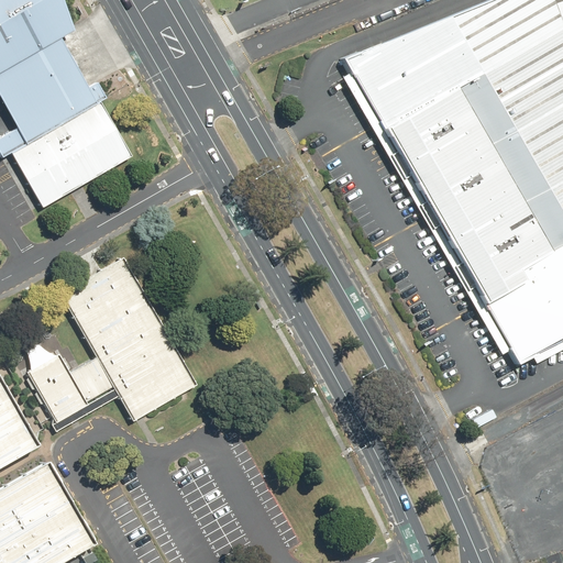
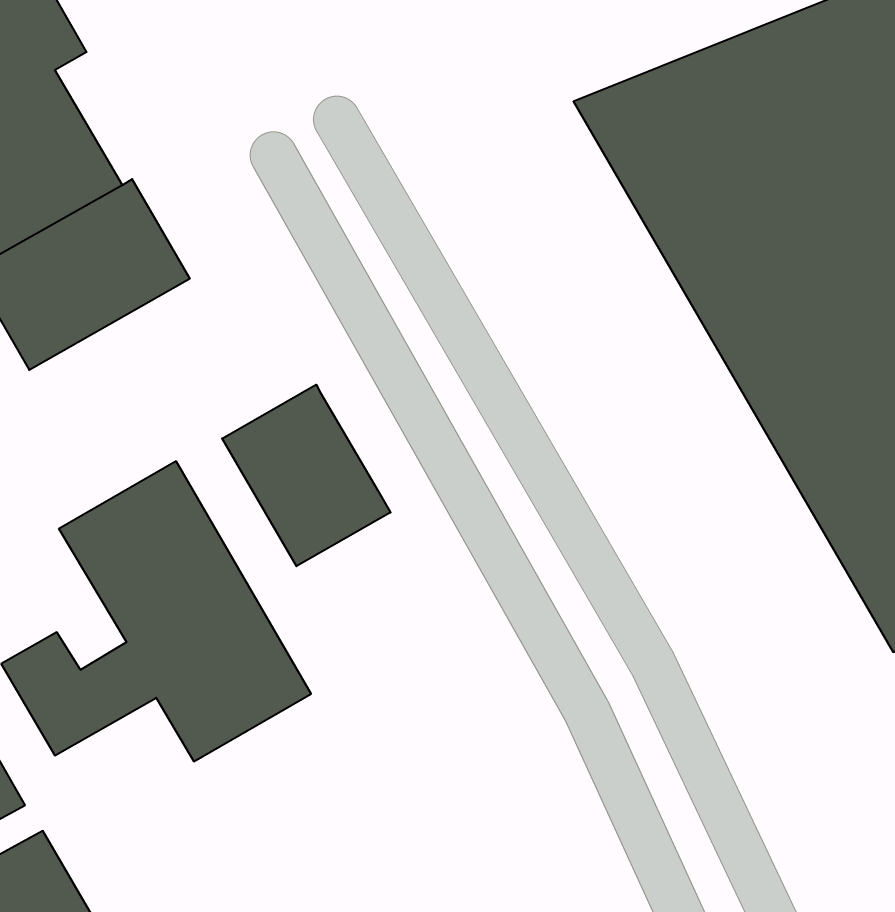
building: none -> [222,385,391,566]

